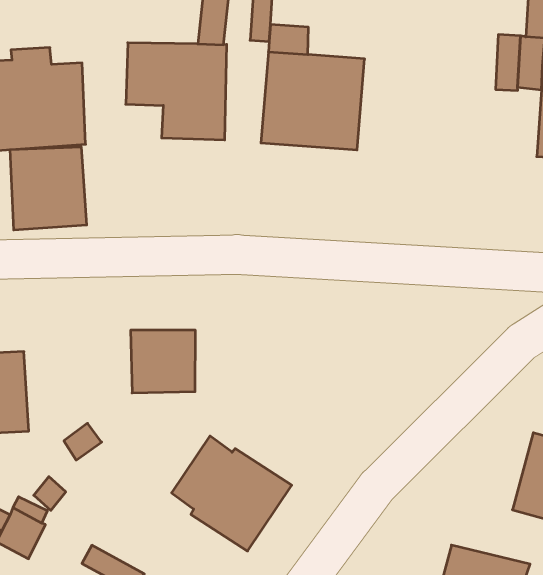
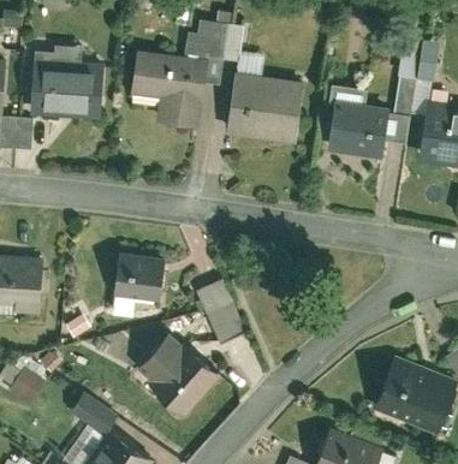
building: none -> [325,83,389,156]
building: [10,147,87,230] -> none
building: none -> [194,281,243,347]

